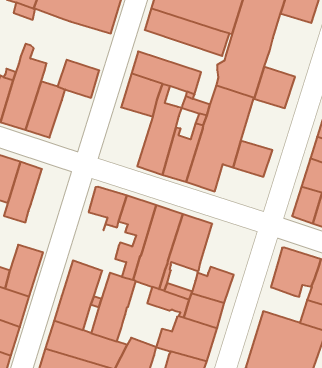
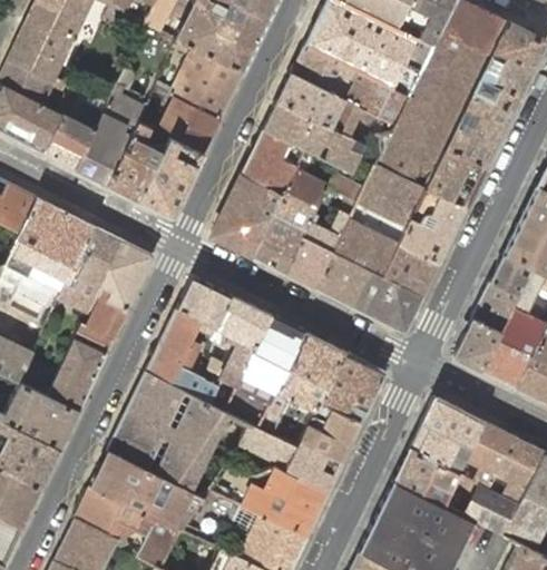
building: none -> [445,79,518,168]
building: none -> [167,40,243,119]
building: none -> [276,73,390,148]
building: none -> [138,138,203,217]
building: none -> [398,188,465,263]
building: none -> [212,174,283,257]
building: none -> [352,272,421,333]
building: none -> [74,242,152,355]
building: none -> [145,309,217,404]
building: none -> [314,351,385,424]
building: none -> [393,449,456,503]

